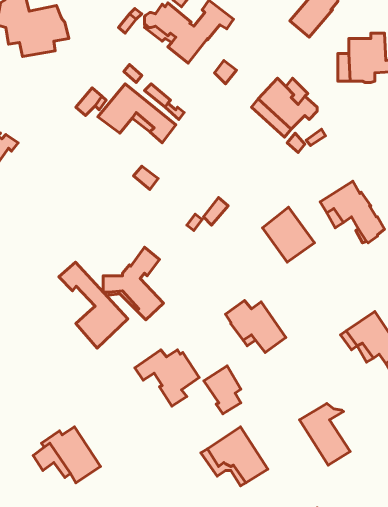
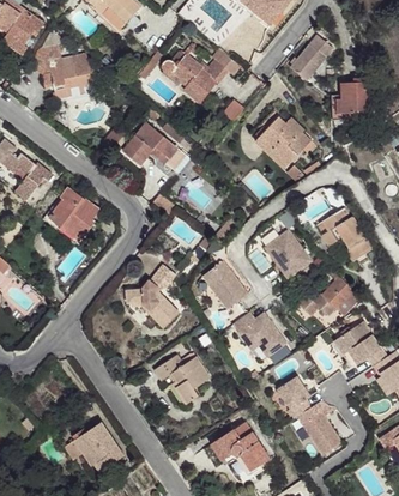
building: none -> [48,186,99,241]
building: none -> [202,260,247,308]
building: none -> [298,267,358,315]
building: [59,262,128,348] -> none
building: [204,366,241,414] -> [277,375,309,417]

